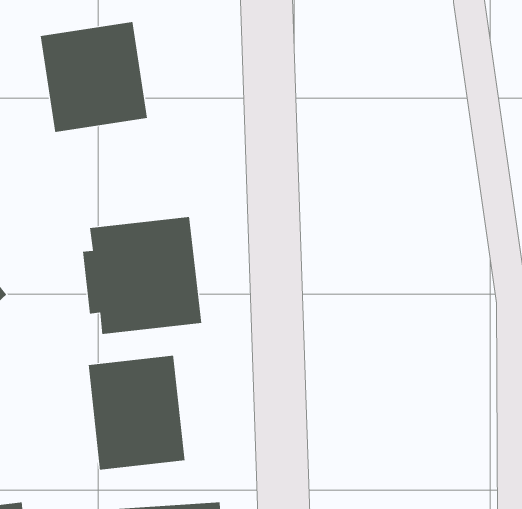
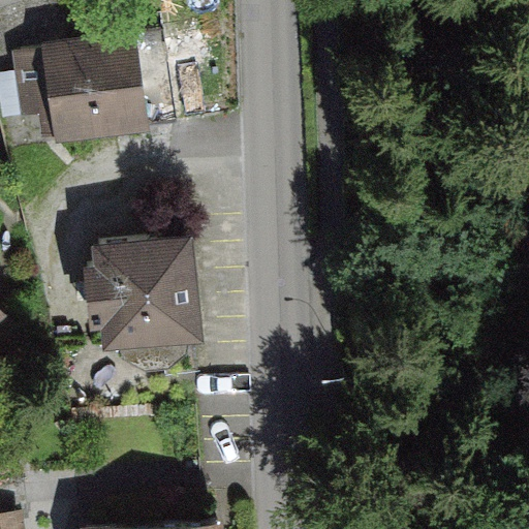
building: [88,355,185,470] -> none

